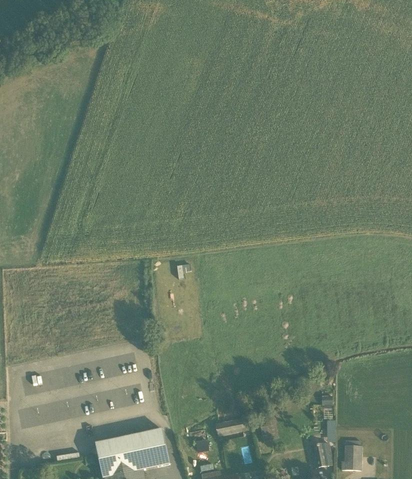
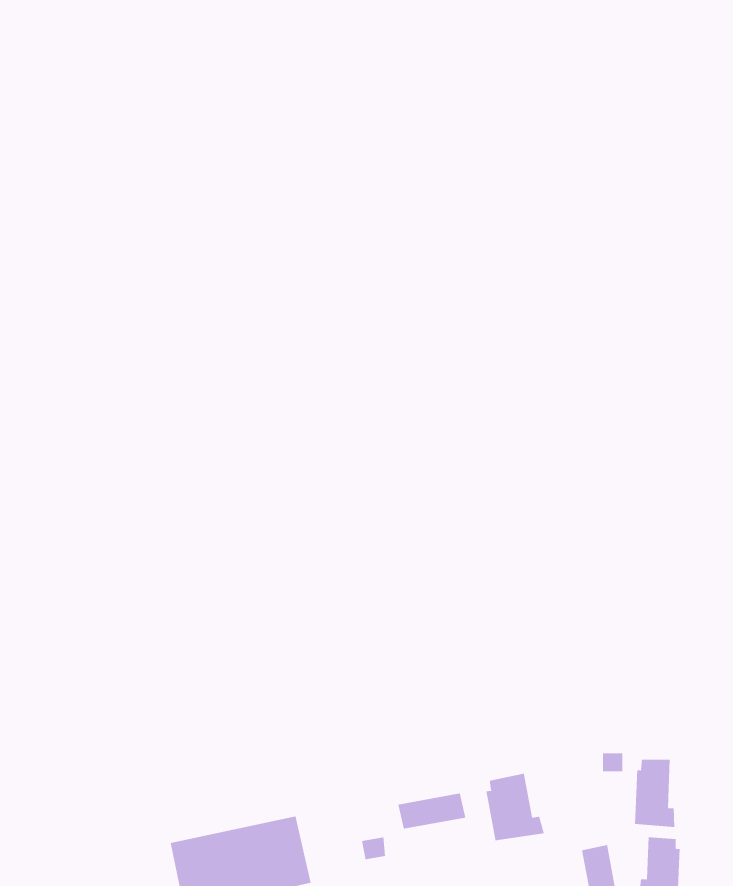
building: none -> [635,759,675,828]
building: none -> [486,773,544,841]

